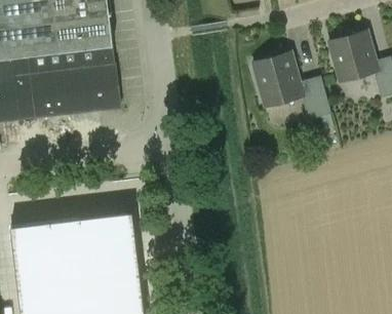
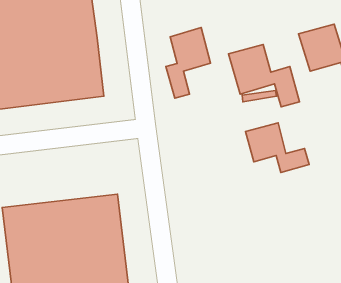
building: none -> [166,27,211,98]
building: none -> [245,123,309,173]

